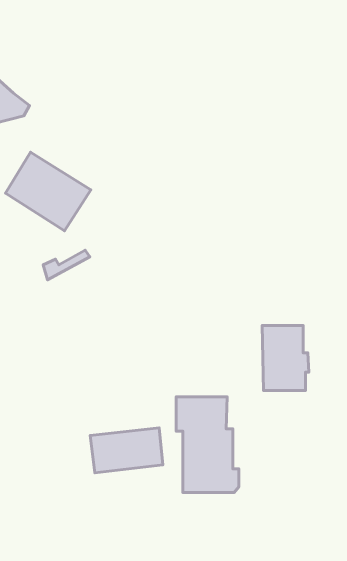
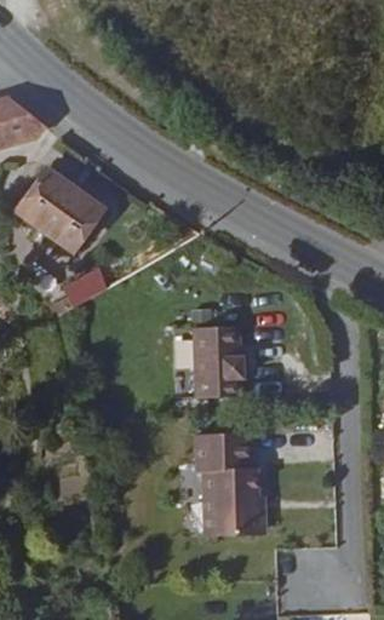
building: [262,326,309,390] -> [195,327,245,396]
building: [90,428,163,473] -> none

